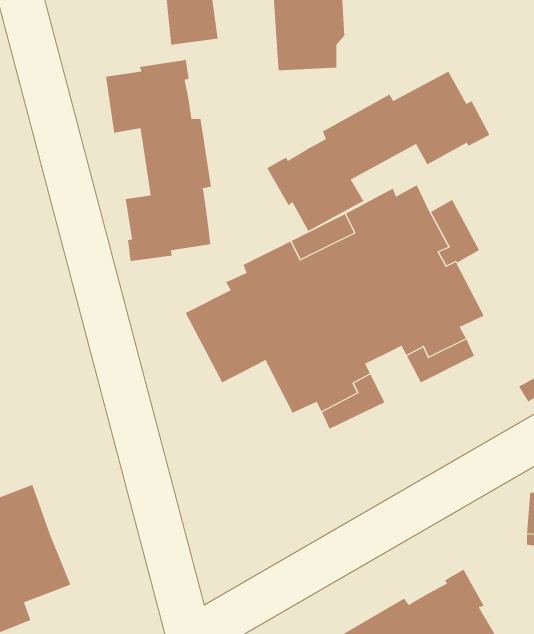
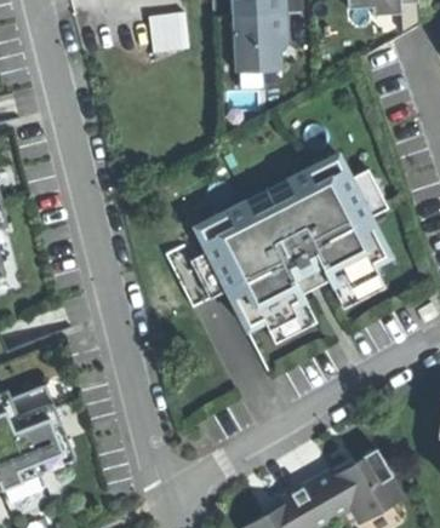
building: [105,59,211,262] -> none
building: [266,71,490,232] -> none

